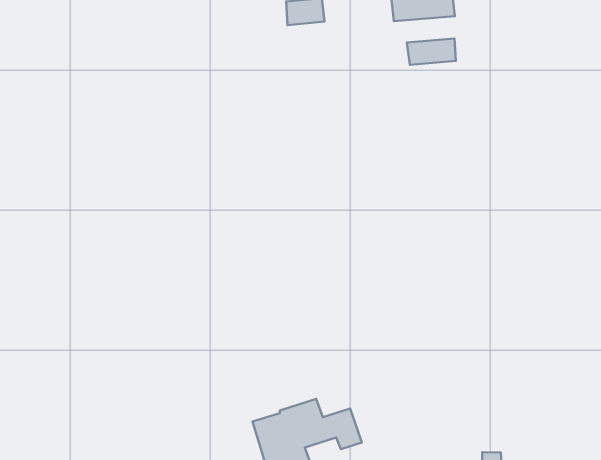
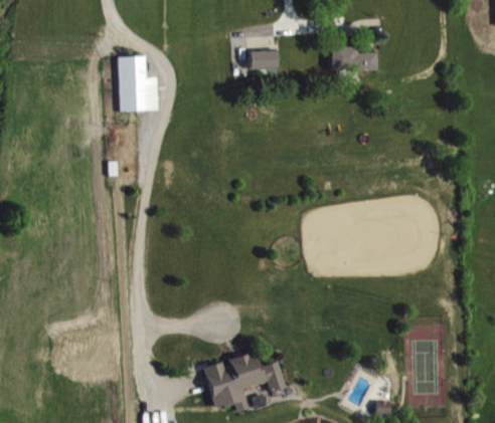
building: none -> [118,55,159,112]
building: [407,38,456,65] -> none

